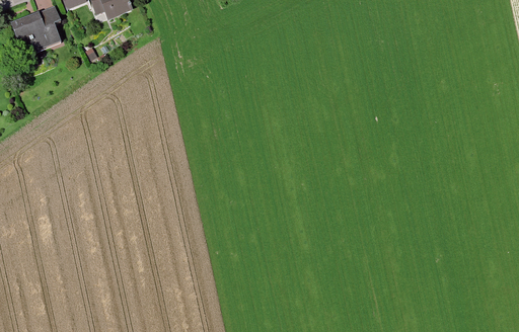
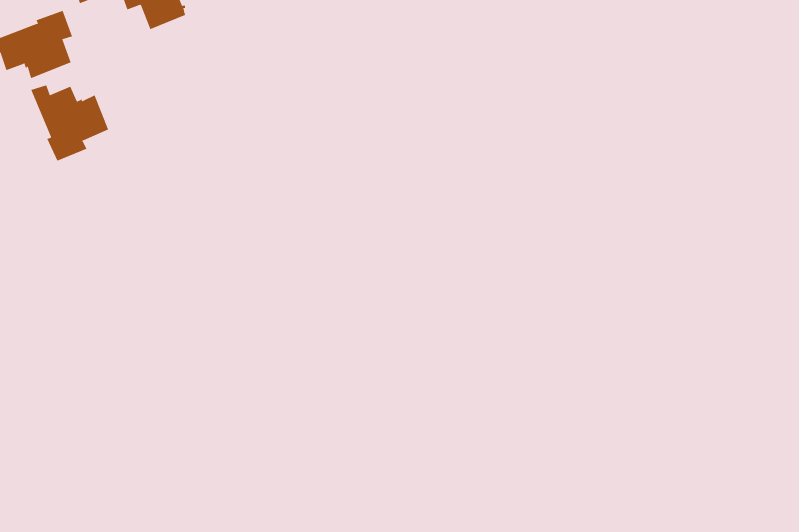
building: none -> [30,84,109,162]

